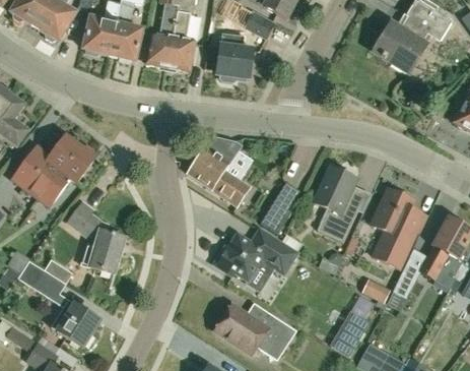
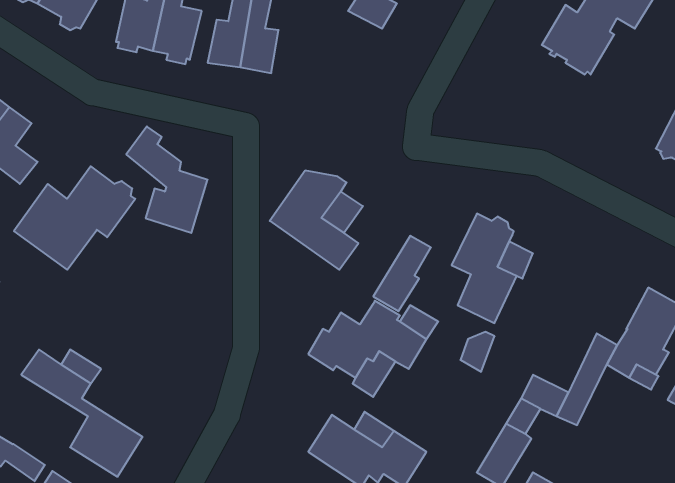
building: [208,32,252,81] -> none
building: [371,189,428,269] -> none
building: [68,201,124,274] -> [126,126,208,233]

